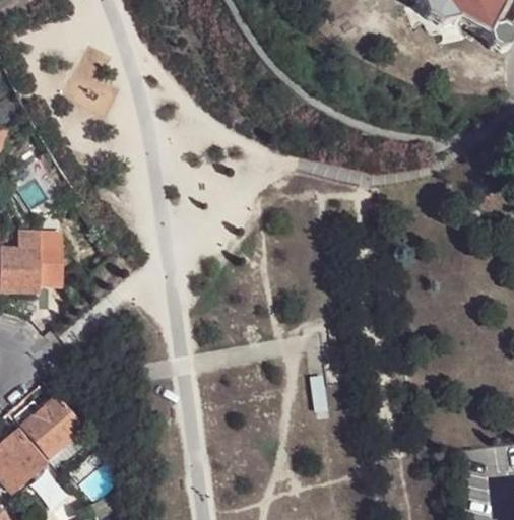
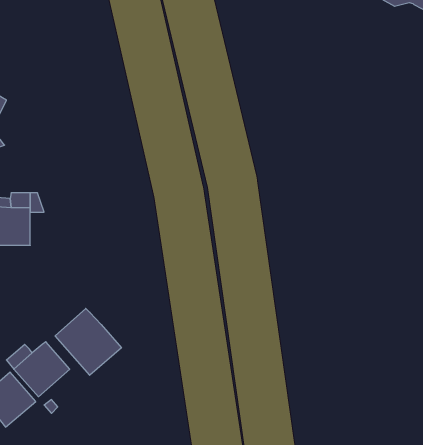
building: none -> [55,308,121,375]

